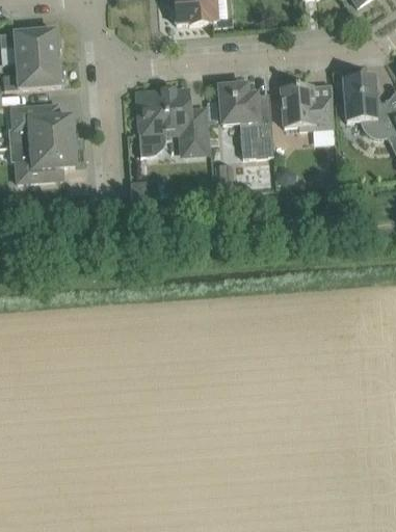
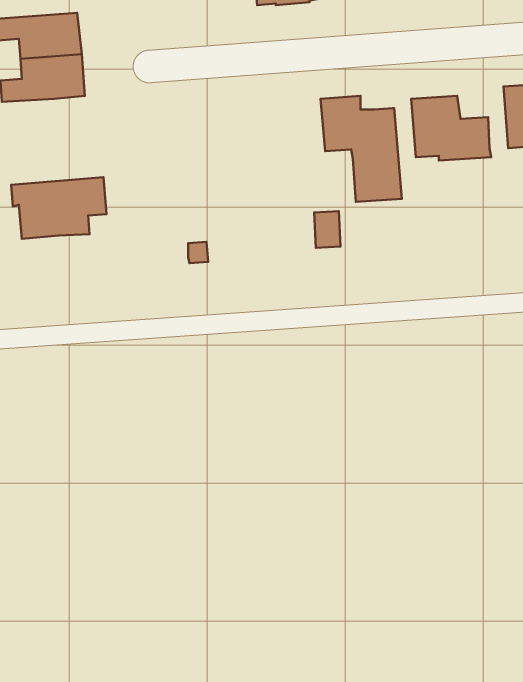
building: [138,88,207,156] -> none
building: [9,103,73,144] -> none

